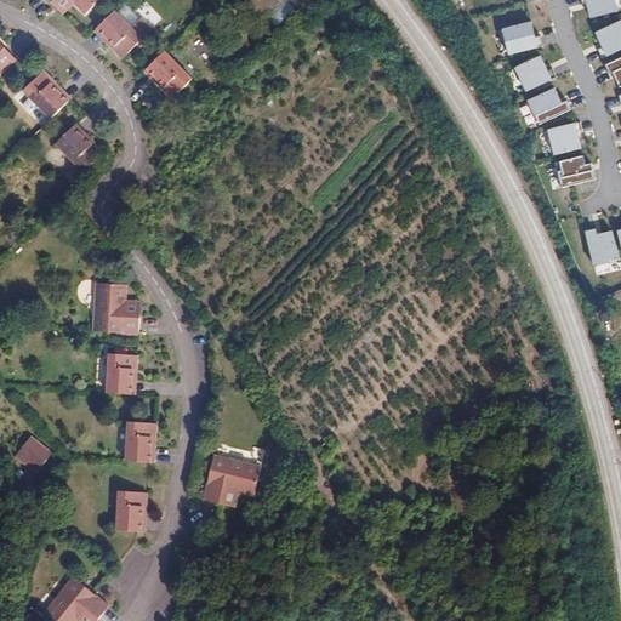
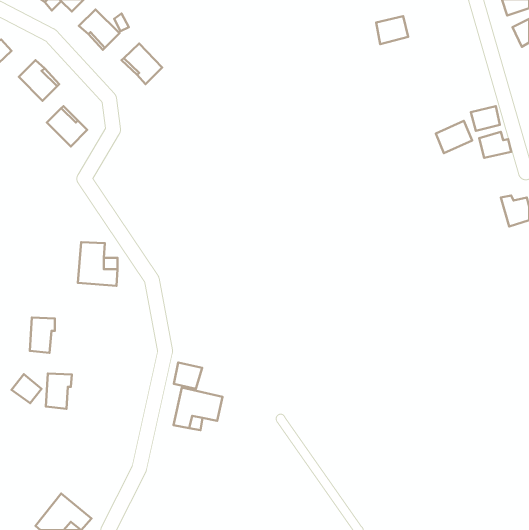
building: [503,22,541,55] -> [376,16,408,44]
building: [515,57,553,91] -> none
building: [528,87,570,125] -> [436,121,472,153]
building: [106,353,135,394] -> [30,317,55,353]
building: [124,421,154,462] -> [46,373,72,409]
building: none -> [174,362,202,389]
building: [114,490,144,531] -> none

